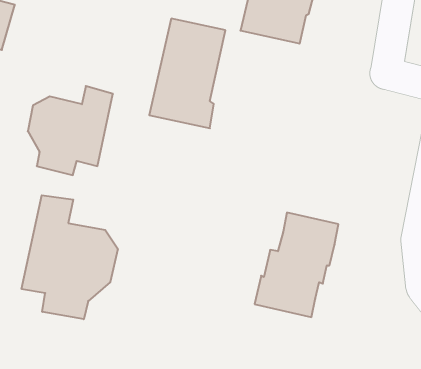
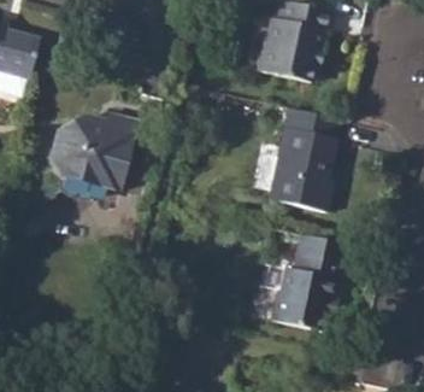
building: [149,19,225,128] -> [265,104,336,206]
building: [22,195,118,319] -> none

